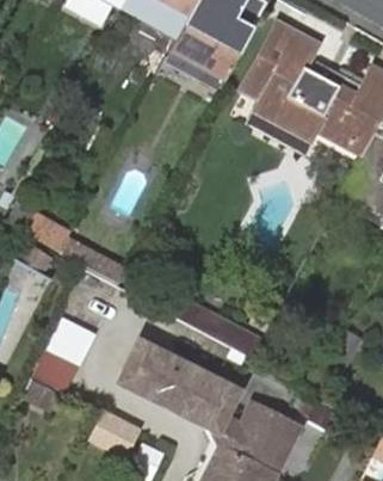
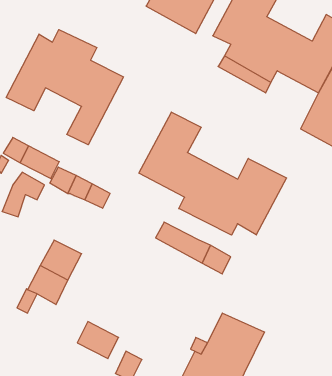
building: none -> [6,30,123,145]
building: none -> [139,112,287,235]
building: [121,343,240,432] -> none

